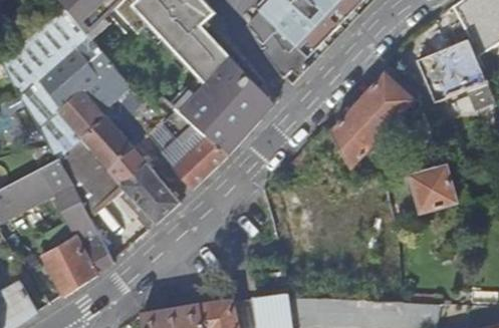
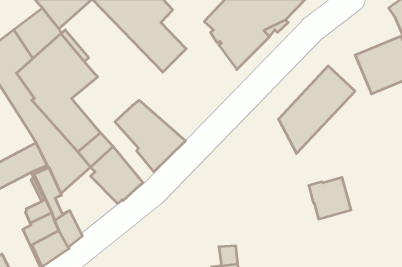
building: [175,54,273,156] -> none
building: [410,167,457,213] -> [309,177,351,219]

